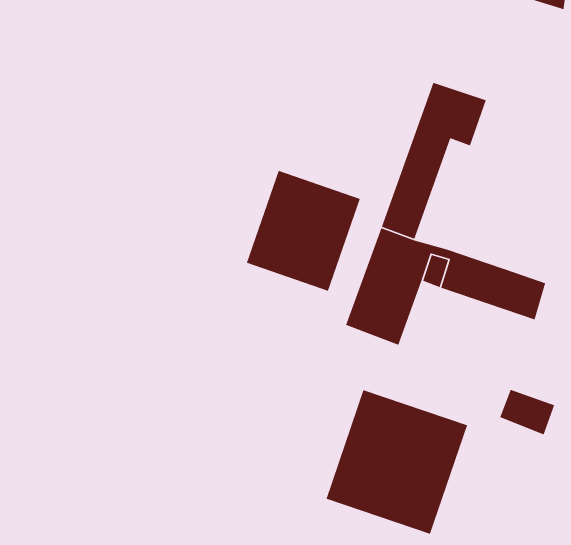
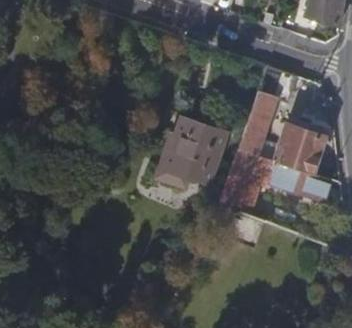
building: none -> [274,123,324,173]
building: [325,389,468,535] -> none

